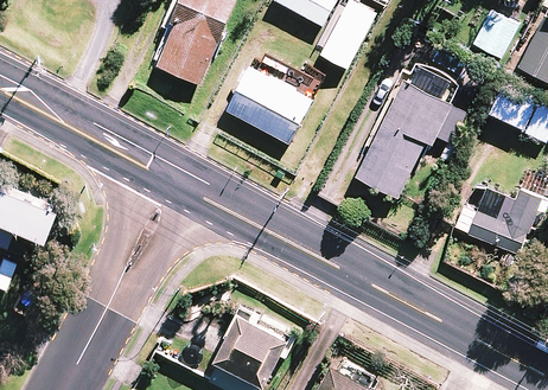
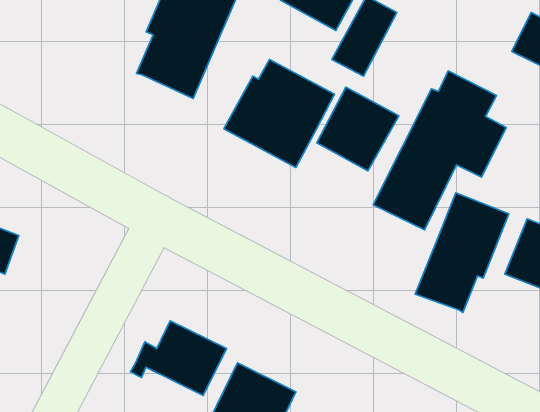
building: none -> [317,87,399,171]
building: none -> [415,193,509,312]
building: none -> [130,321,227,396]

